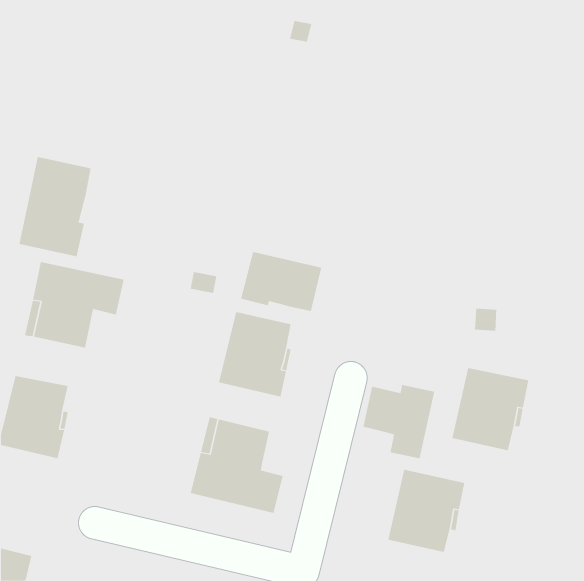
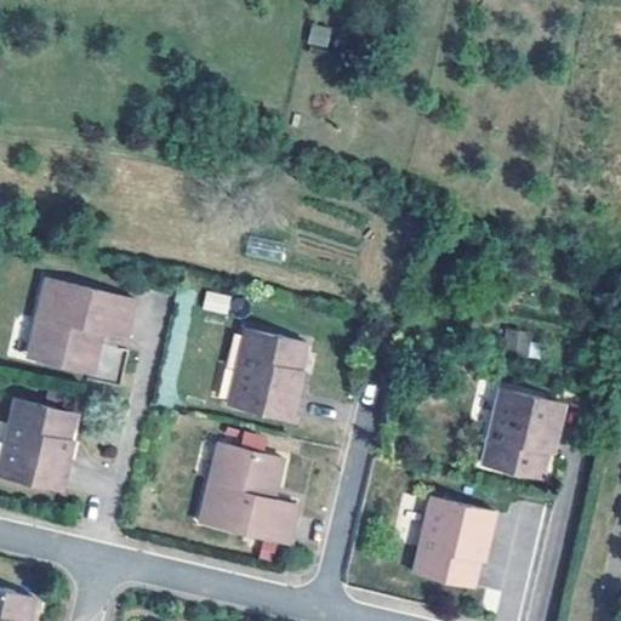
building: [19,156,91,257] -> none
building: [241,251,322,312] -> none
building: [363,384,435,459] -> none

